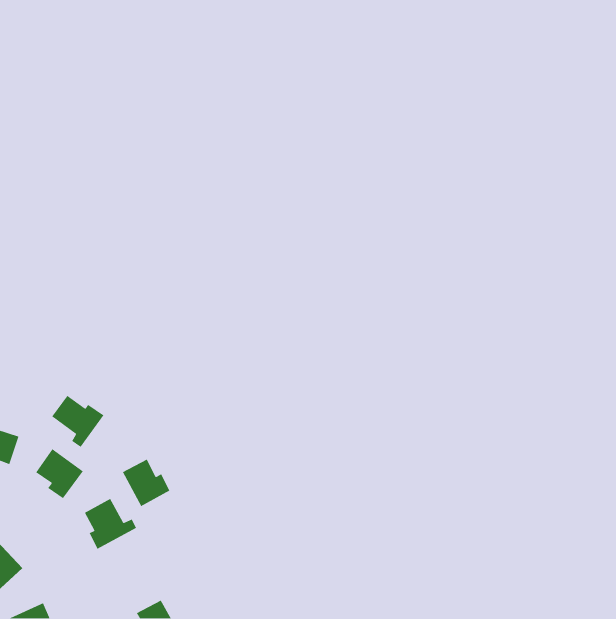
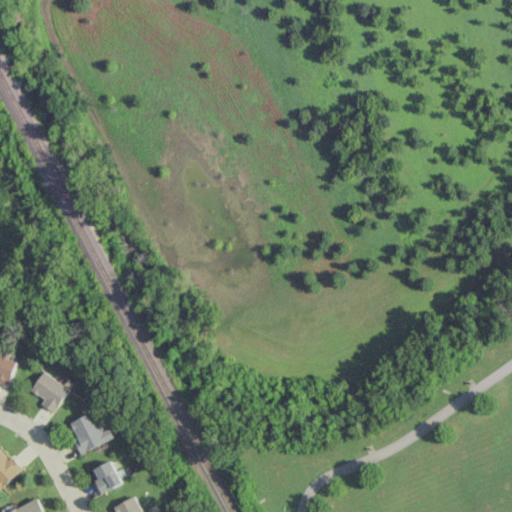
building: [51,395,105,448] -> none
building: [122,459,170,507] -> none
building: none -> [89,460,122,493]

